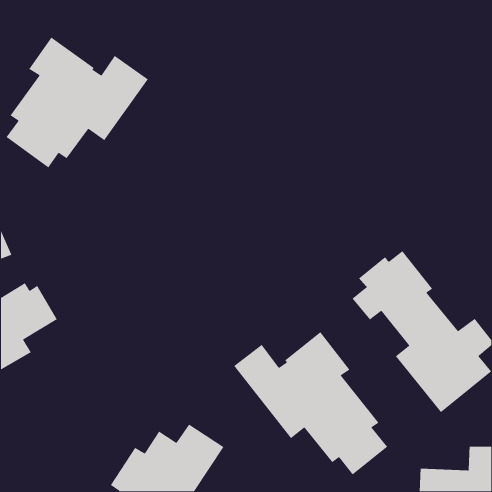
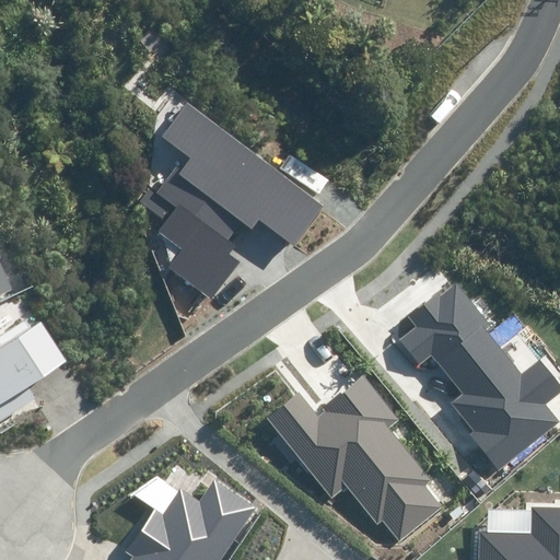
building: [6,36,149,169] -> none
building: none -> [139,106,324,300]

